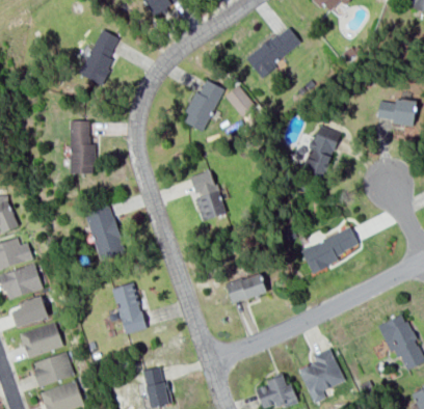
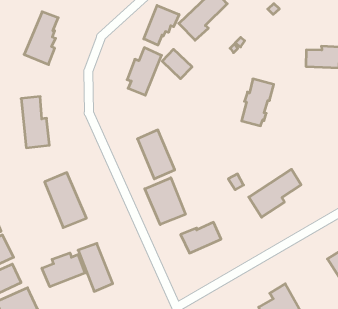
building: none -> [144,5,179,45]
building: none -> [145,178,185,225]
building: none -> [42,253,85,287]

